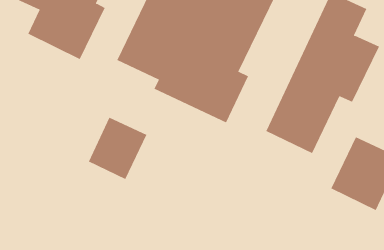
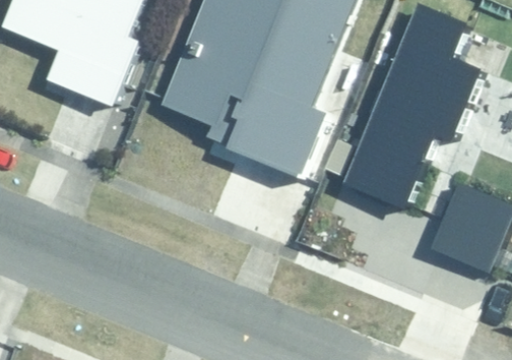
building: [88,117,147,180] -> none

